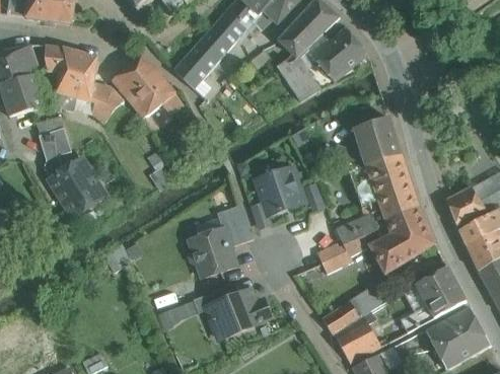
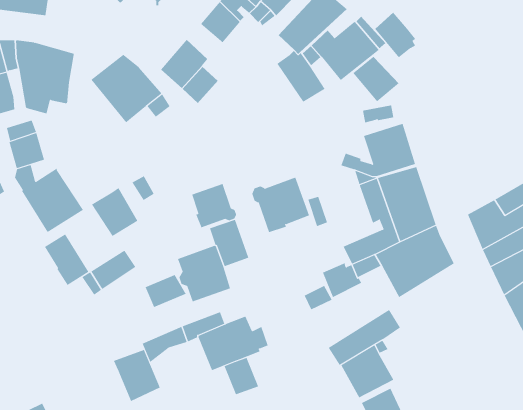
building: none -> [375,12,416,58]
building: [197,29,229,61] -> none
building: none -> [353,55,400,102]
building: [91,81,124,122] -> none
building: none -> [191,183,237,228]
building: none -> [91,187,138,237]
building: none -> [44,234,89,286]
building: none -> [145,274,187,308]
building: [401,265,467,331] -> none
building: [426,305,491,368] -> none
building: none -> [113,349,161,402]
building: none -> [224,357,259,396]

